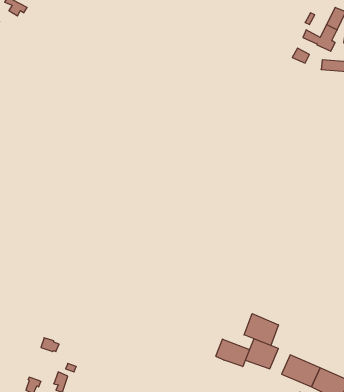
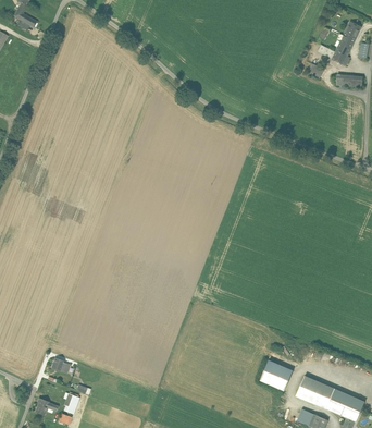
building: [244,314,278,346] -> none
building: [216,339,249,367] -> none

